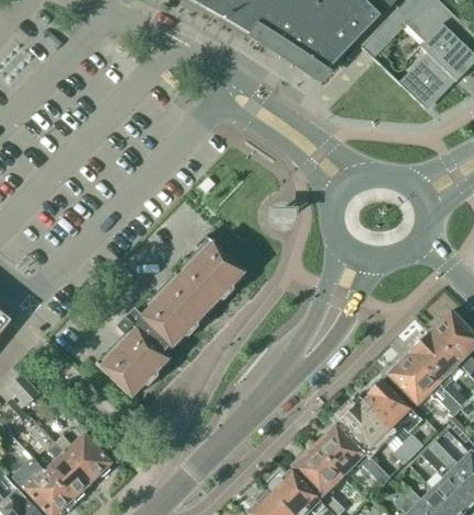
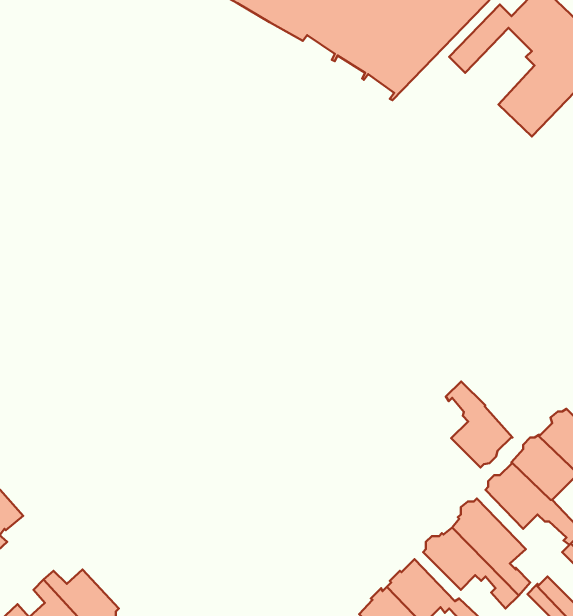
building: [95,234,244,397] -> none
building: none -> [446,381,512,467]

